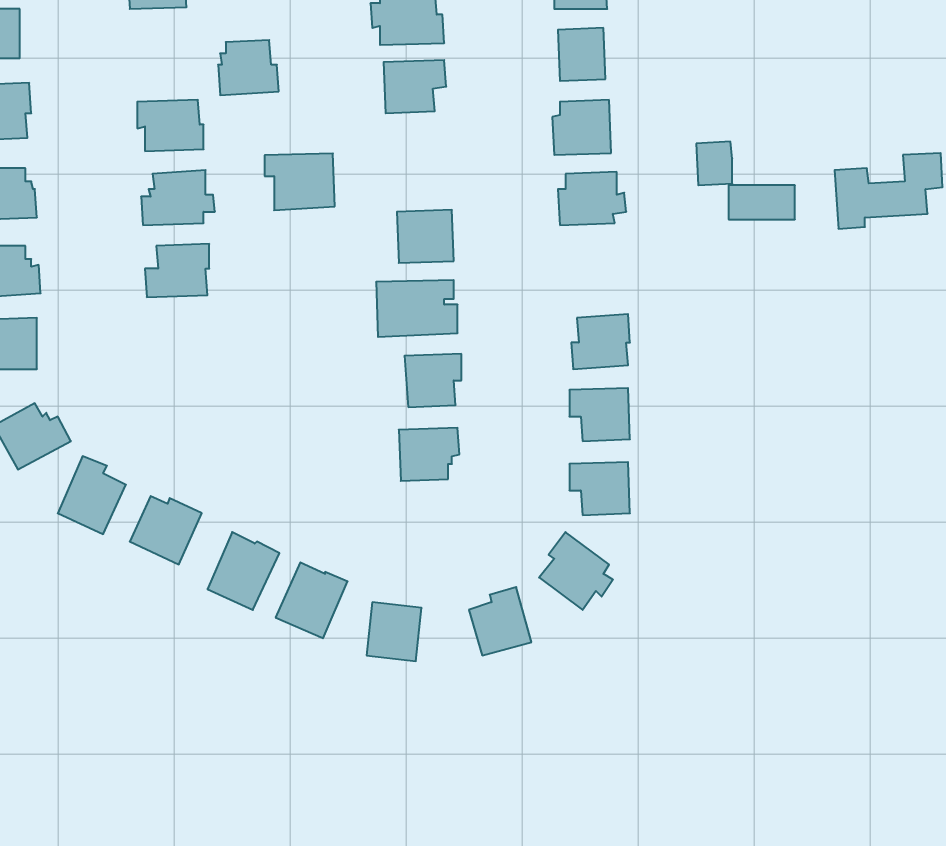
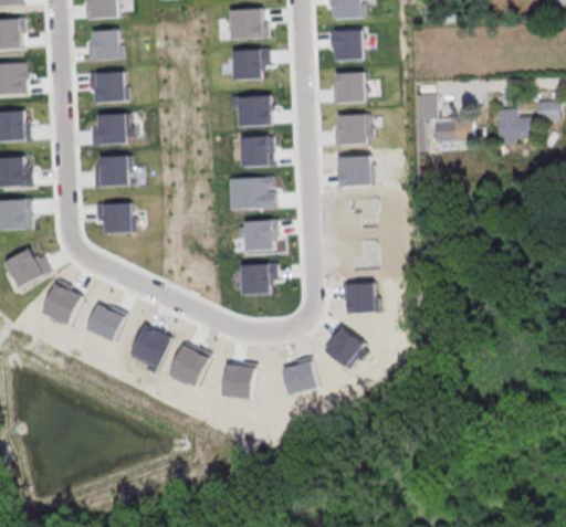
building: [218,40,279,95] -> [87,29,123,61]
building: [265,153,335,210] -> [231,94,272,127]
building: none -> [338,155,375,186]
building: none -> [96,202,135,233]

